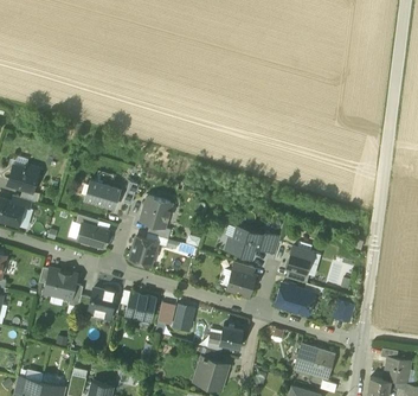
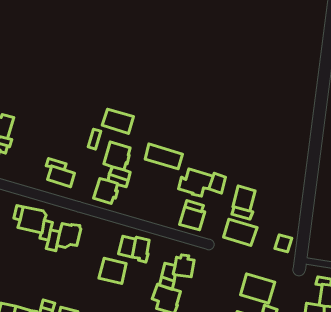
building: [84,181,120,209] -> [102,109,134,133]
building: none -> [145,144,183,169]
building: [124,293,155,321] -> [99,258,126,283]

